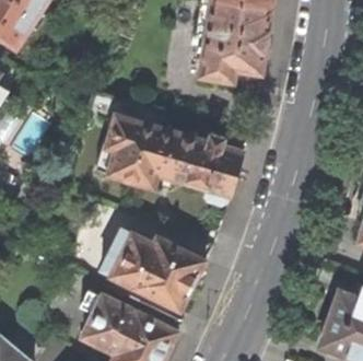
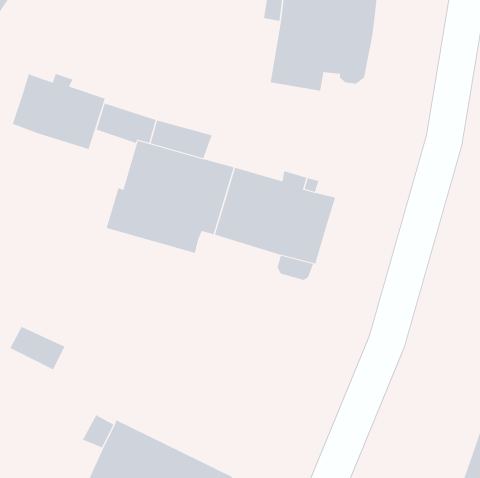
building: none -> [12,73,106,150]
building: [102,232,206,312] -> none

